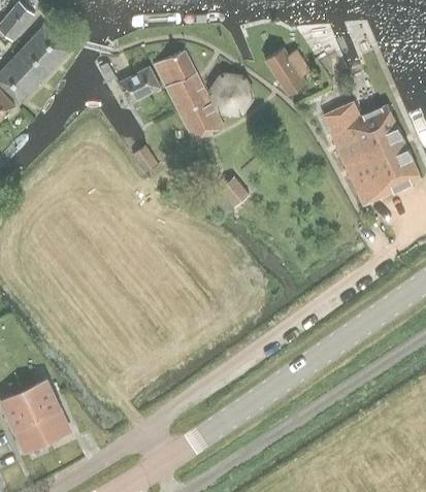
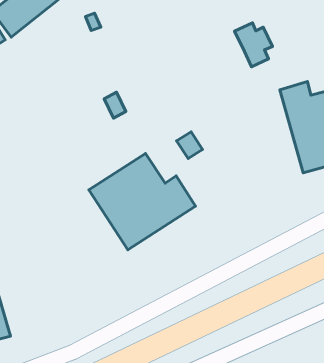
building: [153,50,223,141] -> none
building: [118,66,160,103] -> none
building: none -> [89,153,195,250]

